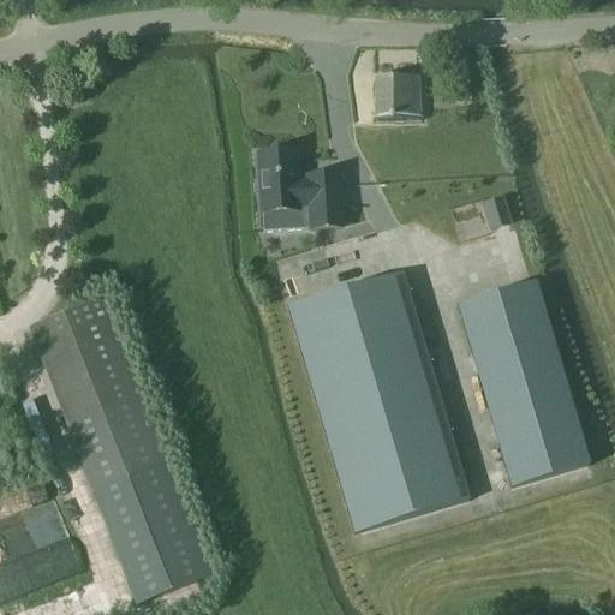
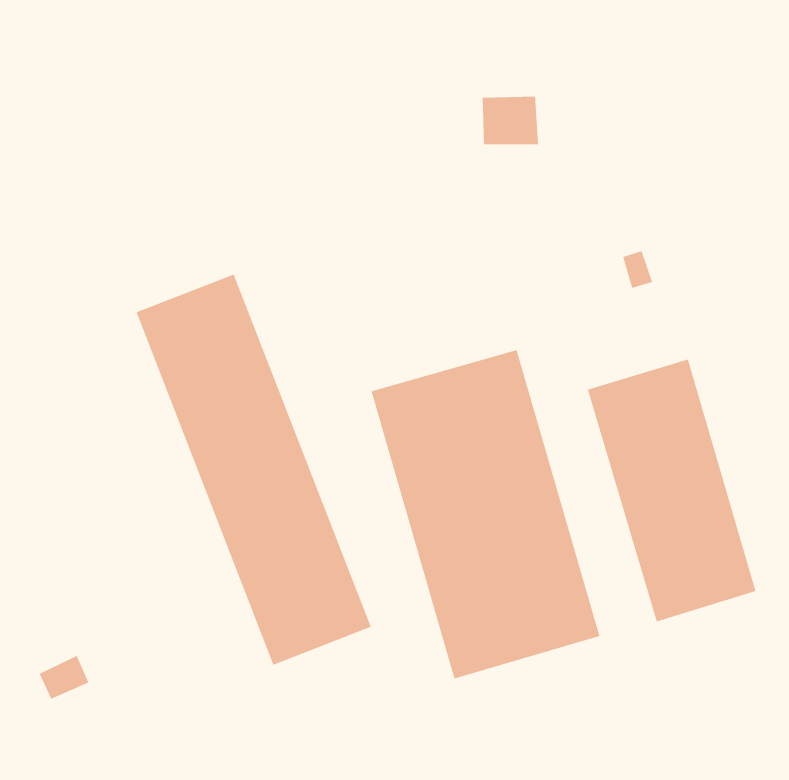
building: [258,149,340,227] -> none
building: [28,295,211,601] -> [135,273,372,666]

